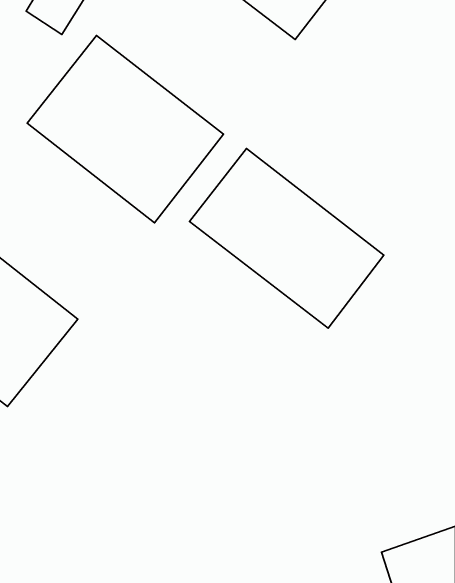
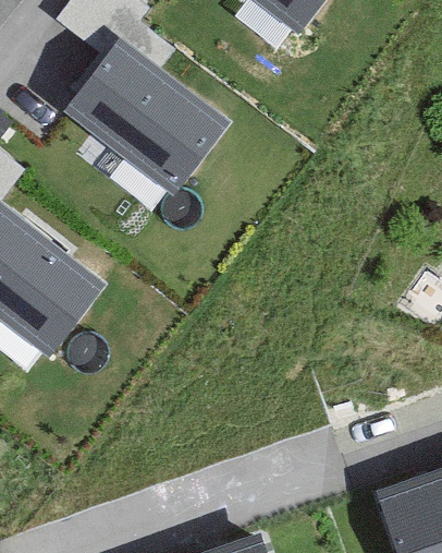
building: [190,148,384,328] -> none

